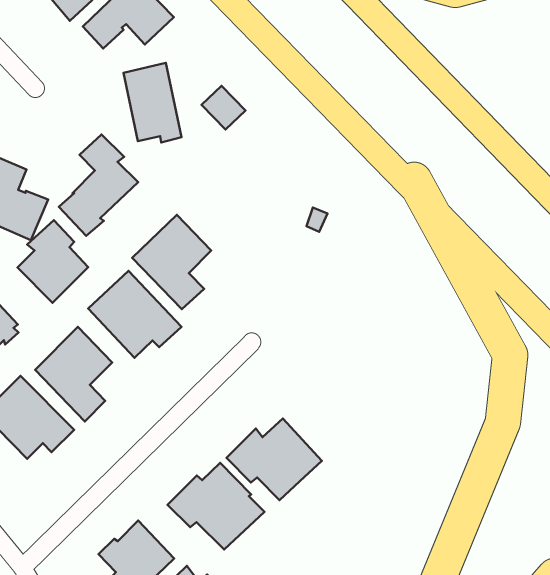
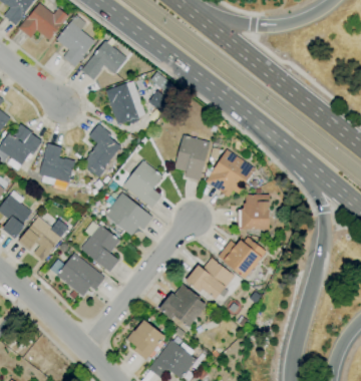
building: none -> [173,134,210,181]
building: none -> [205,149,255,198]
building: [17,220,88,303] -> none
building: none -> [237,195,269,230]
building: none -> [217,237,266,279]

